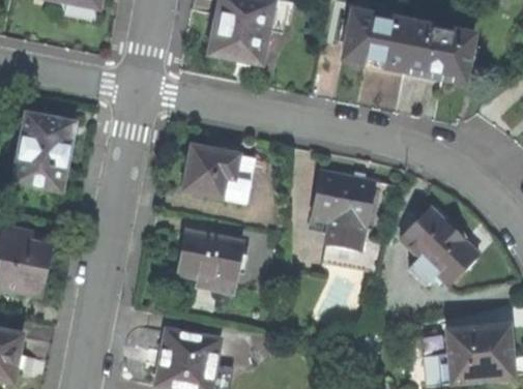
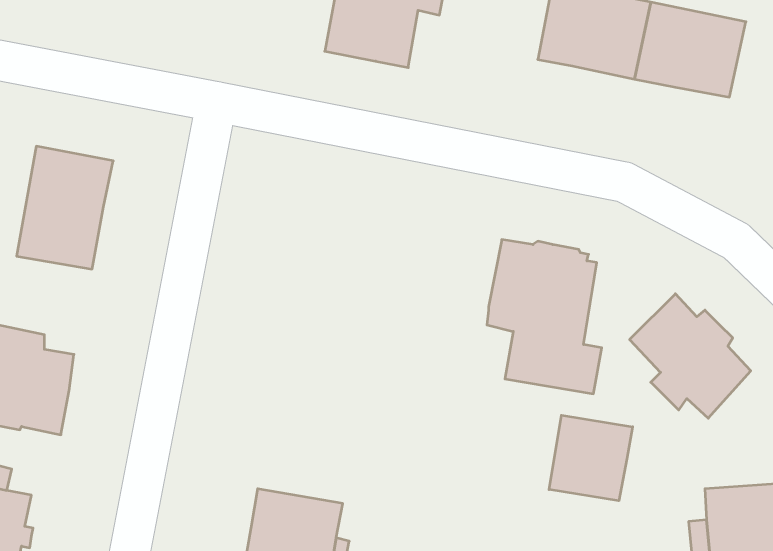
building: [180,145,240,200] -> none
building: [178,232,242,293] -> none
building: none -> [549,415,633,501]

